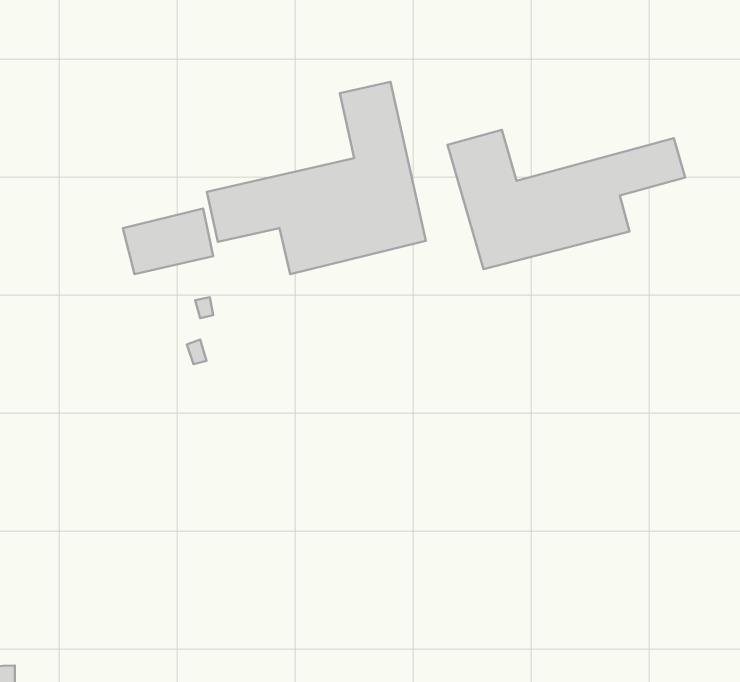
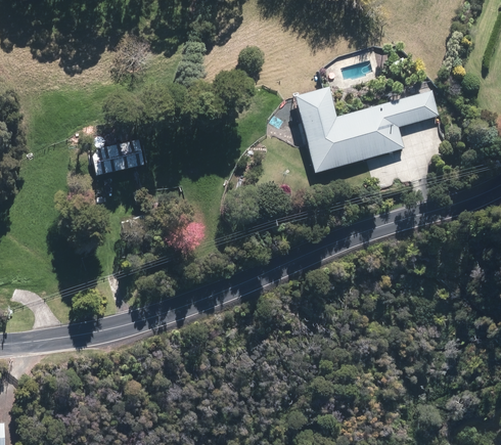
building: [207,82,426,274] -> none

